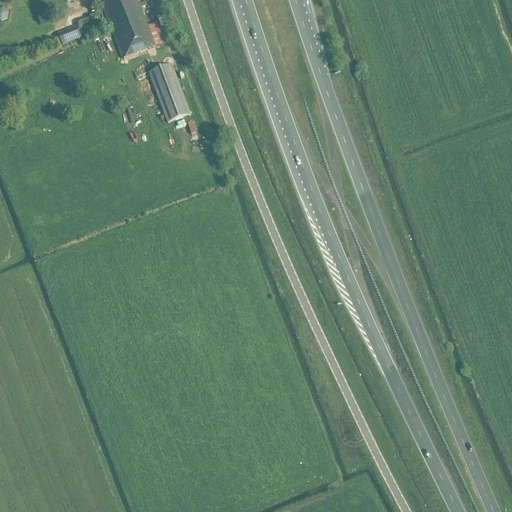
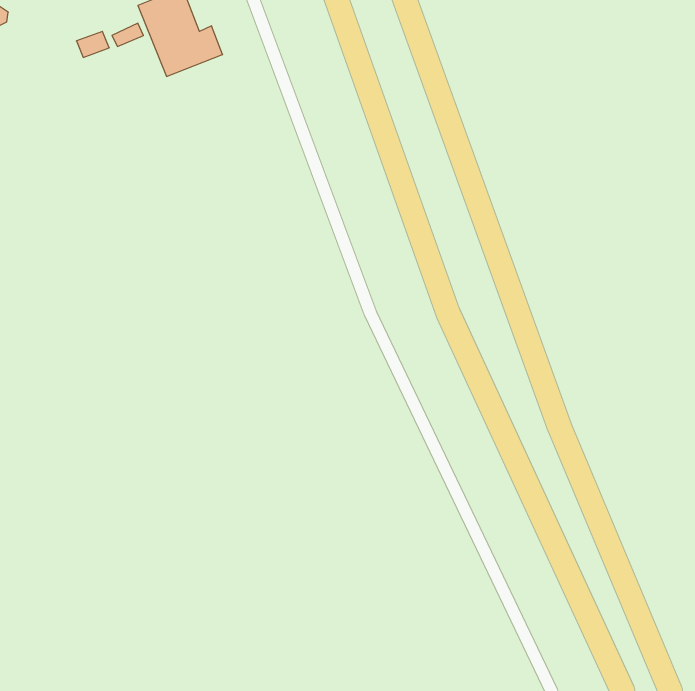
building: [147,61,189,120] -> none

